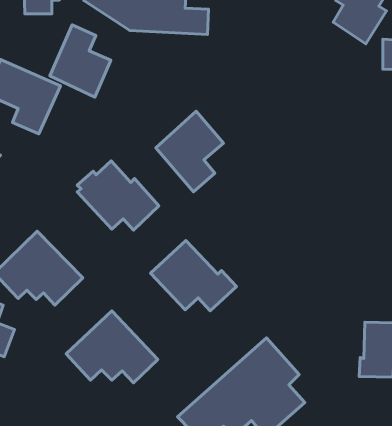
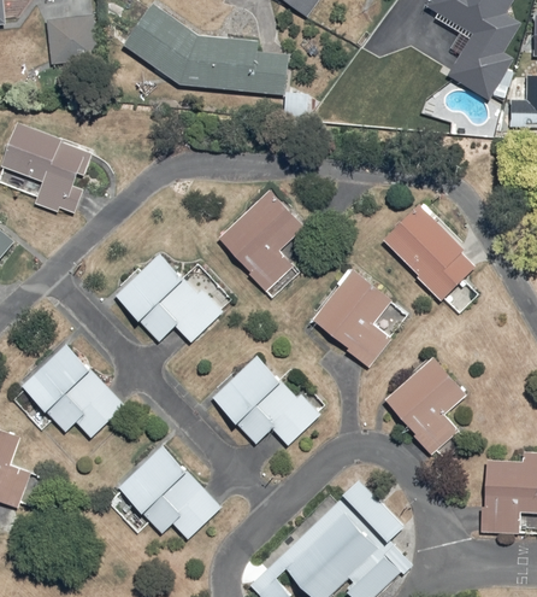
building: [50,25,111,97] -> none
building: none -> [383,201,482,312]
building: none -> [309,269,407,365]
building: none -> [383,356,467,456]

